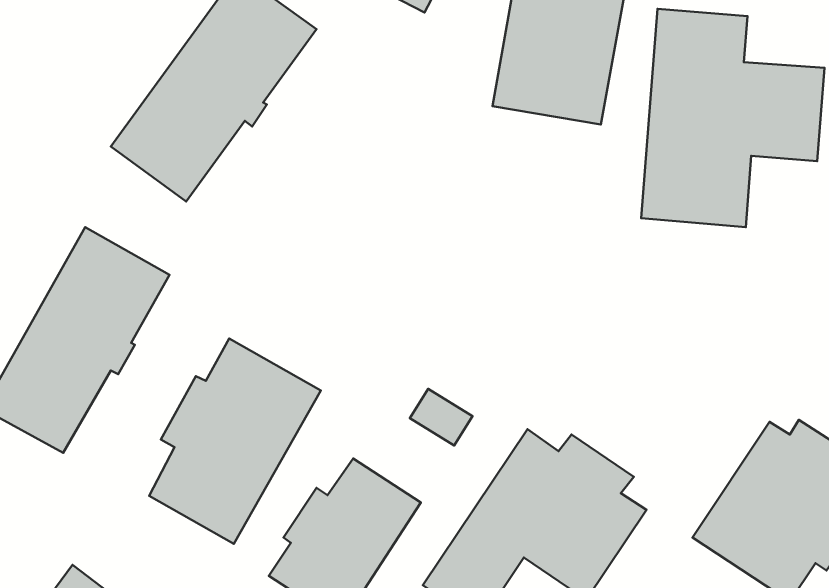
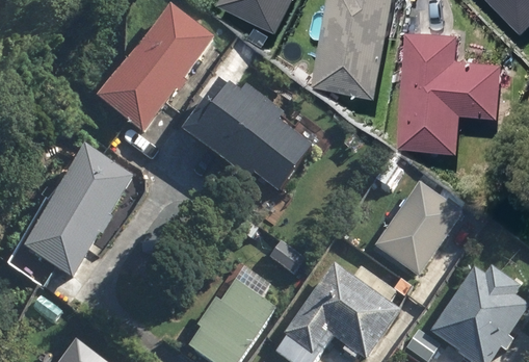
building: none -> [180,79,312,193]
building: none -> [374,183,461,276]
building: [149,338,321,544] -> none

